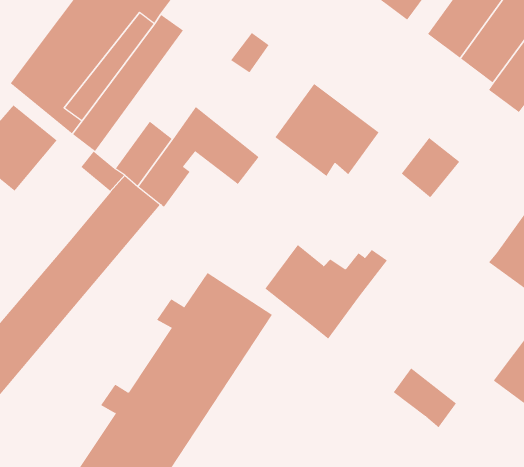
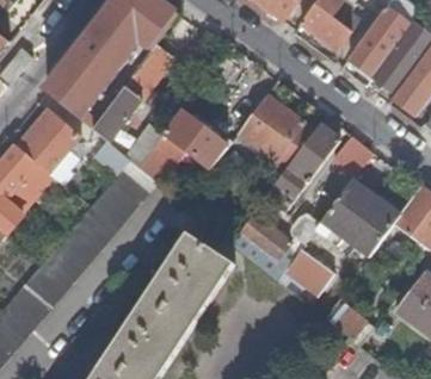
building: none -> [265,124,338,209]
building: none -> [321,180,398,255]
building: none -> [276,248,331,304]

